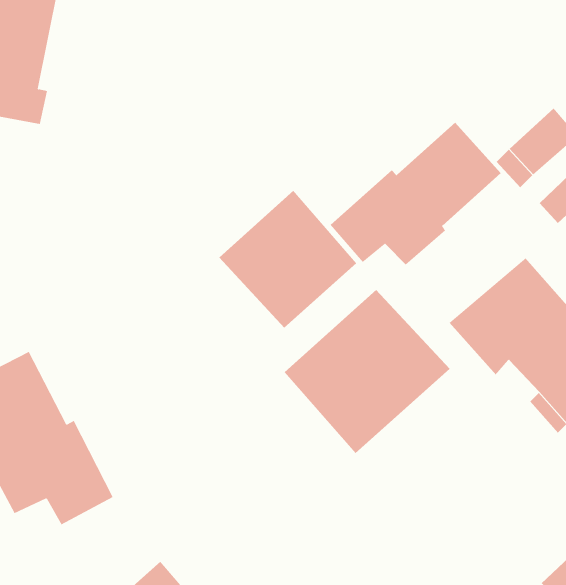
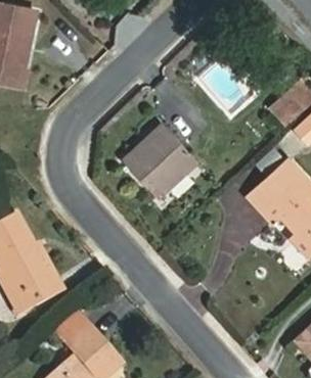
building: [330,122,501,266] -> none
building: [284,289,450,454] -> none

